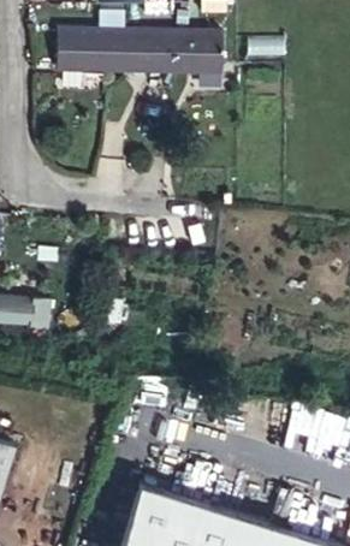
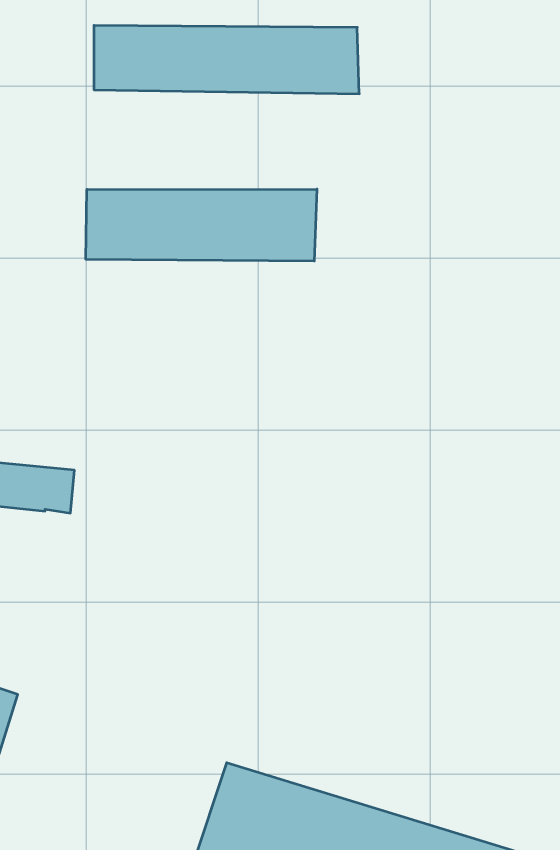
building: none -> [86,189,317,261]

